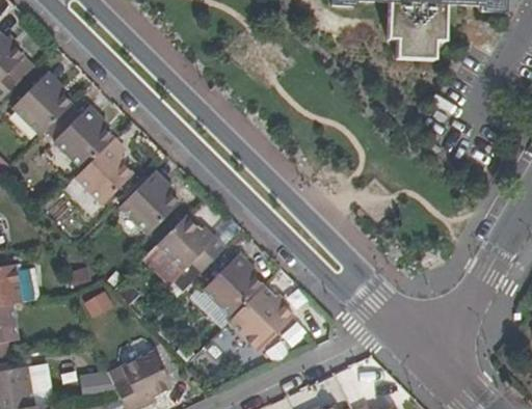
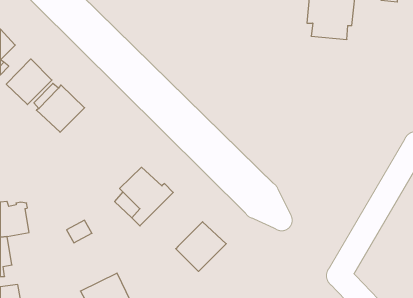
building: [72,139,131,206] -> none
building: [117,174,177,235] -> none
building: [202,256,261,316] -> none

